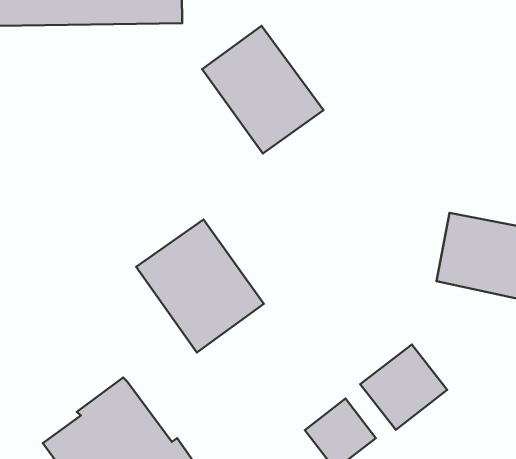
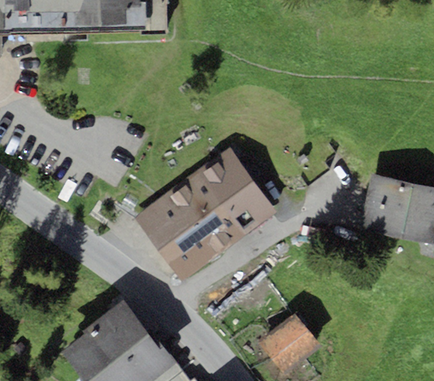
building: [202,26,323,154] -> [184,147,276,244]
building: [360,344,447,430] -> none

